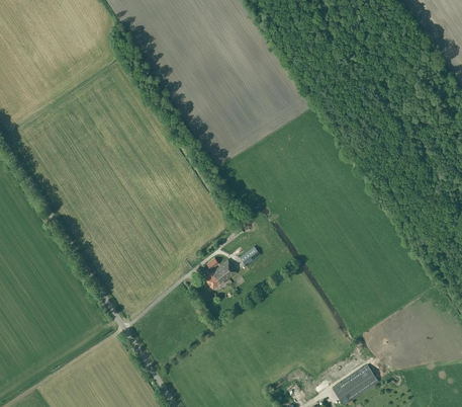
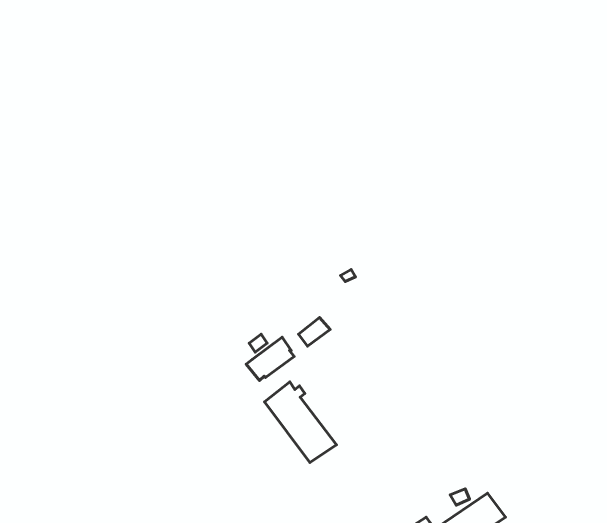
building: none -> [265,382,336,462]

